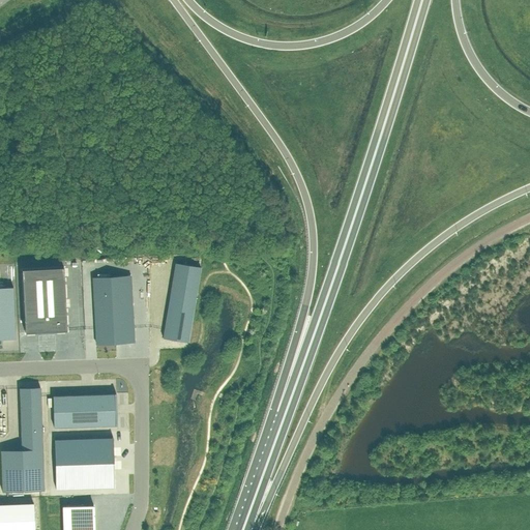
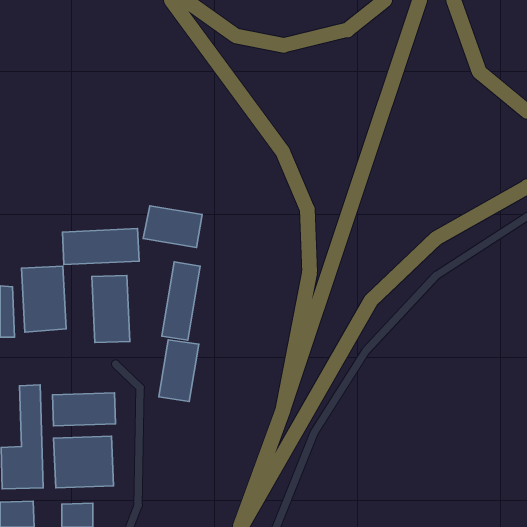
building: none -> [143,206,202,247]
building: none -> [62,229,139,265]
building: none -> [159,340,199,401]

